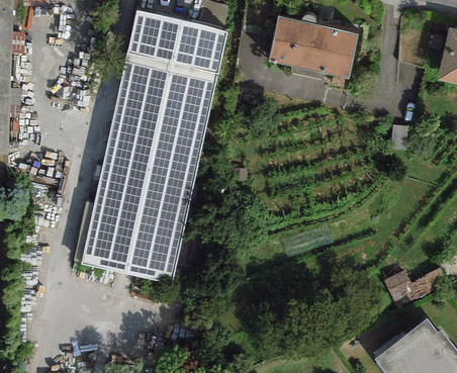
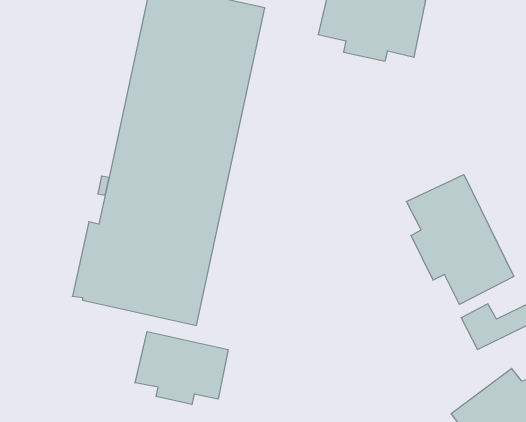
building: none -> [406,175,514,304]
building: none -> [135,332,228,405]

